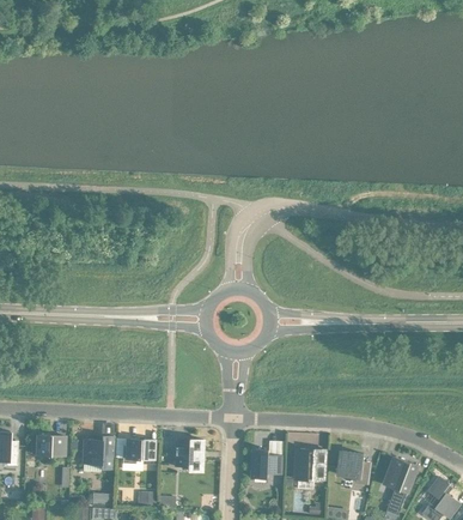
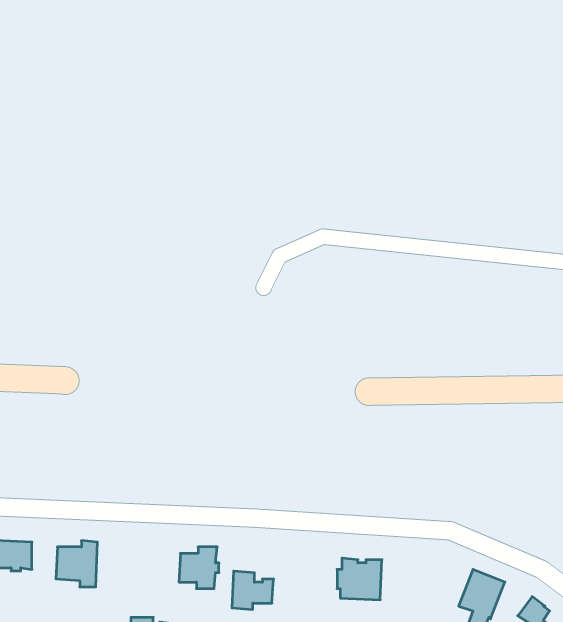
building: [122,439,153,464] -> none
building: [251,449,282,478] -> [232,571,274,609]
building: [337,451,370,483] -> none

